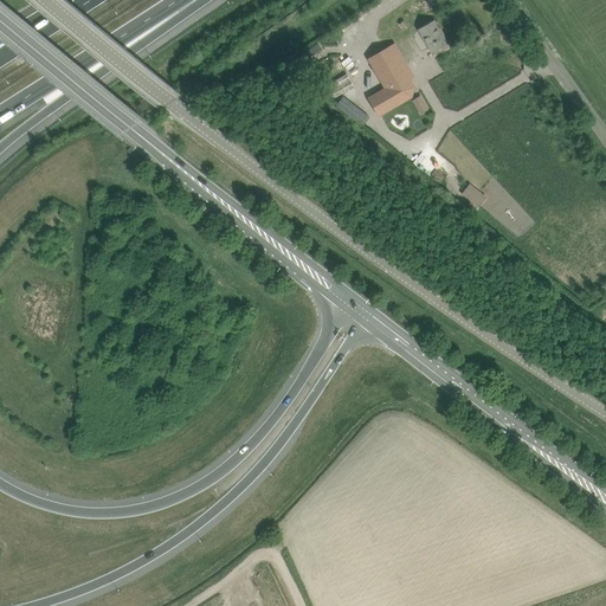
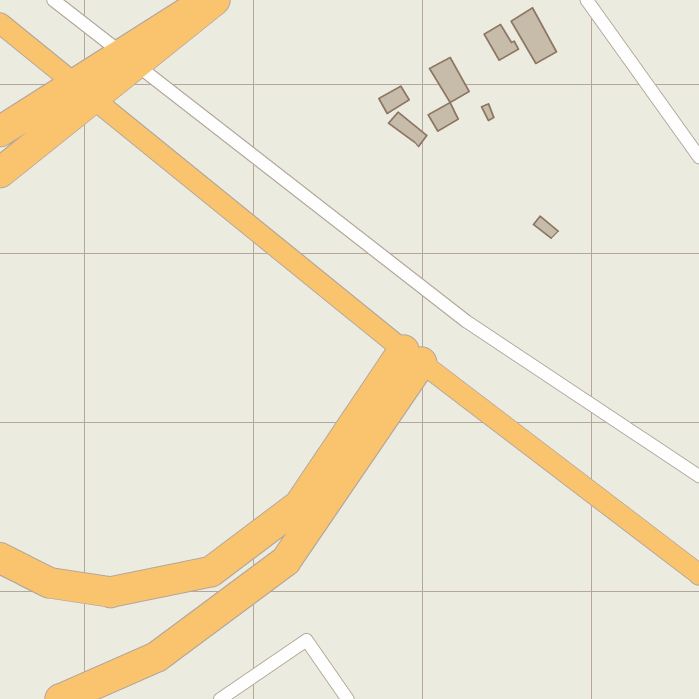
building: none -> [511,8,557,64]

